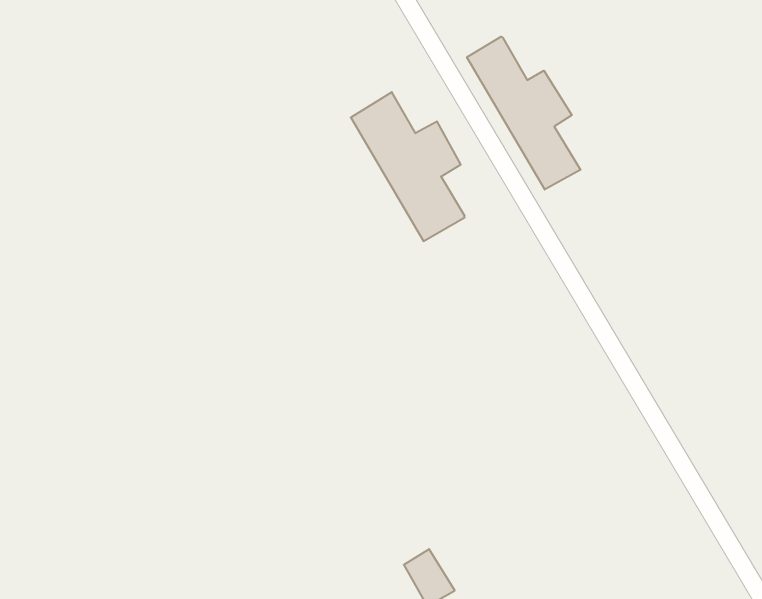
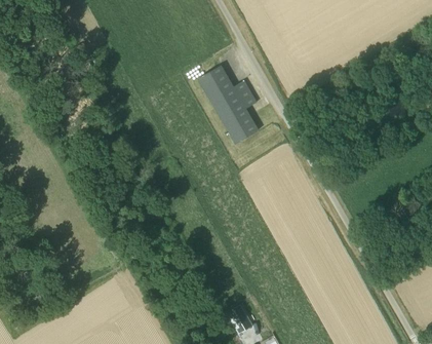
building: [467,37,580,190] -> none

